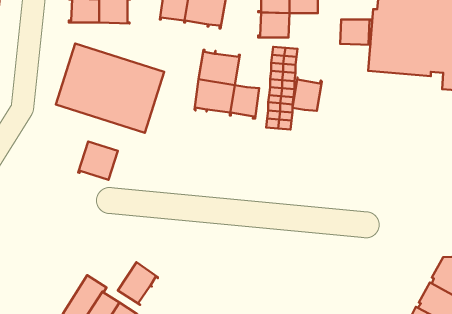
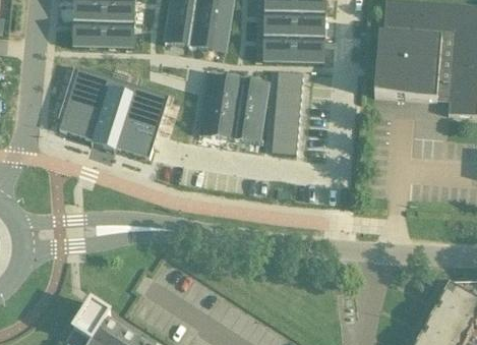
building: [340,19,371,45] -> [293,37,324,62]
building: [292,77,322,111] -> [239,78,269,112]
building: [78,141,118,180] -> none
building: [118,262,158,305] -> none

